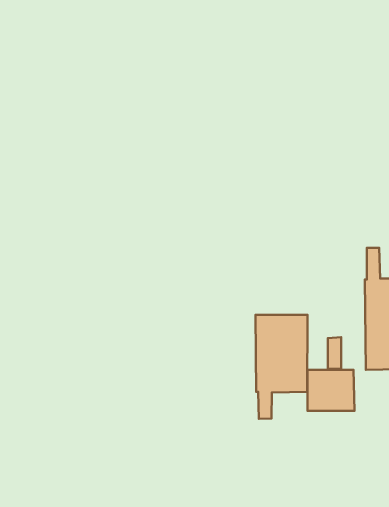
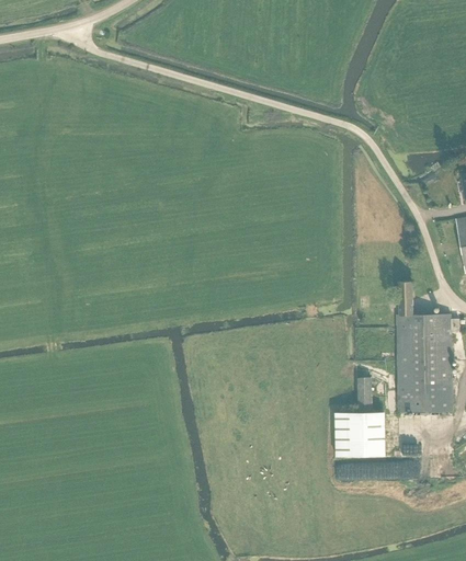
building: [255,315,308,419] -> none

